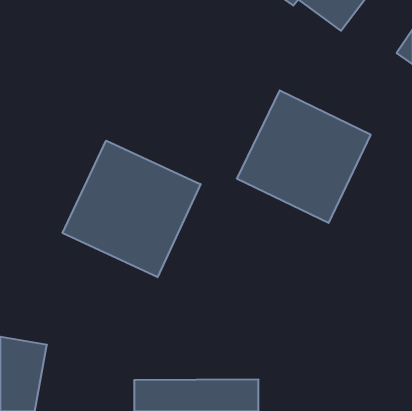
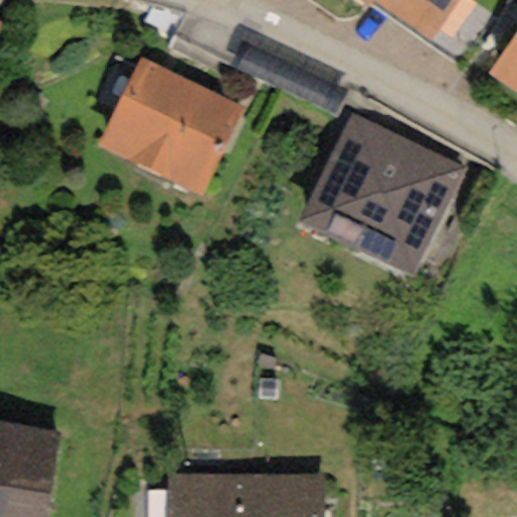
building: none -> [97,57,242,194]
building: [63,141,201,277] -> none

